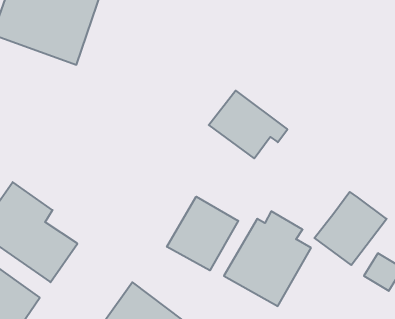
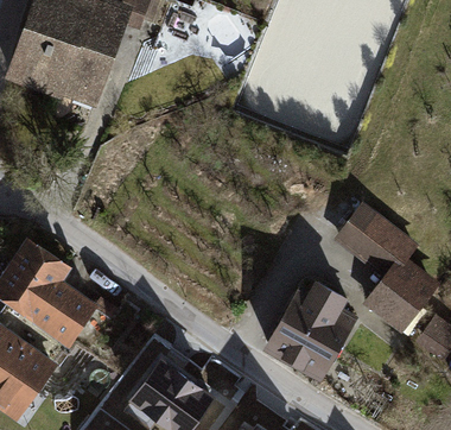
building: [209,91,287,158] -> [331,202,418,277]
building: [167,197,238,270] -> none

